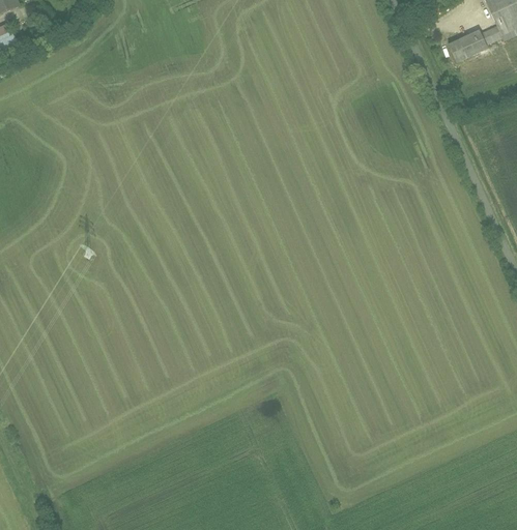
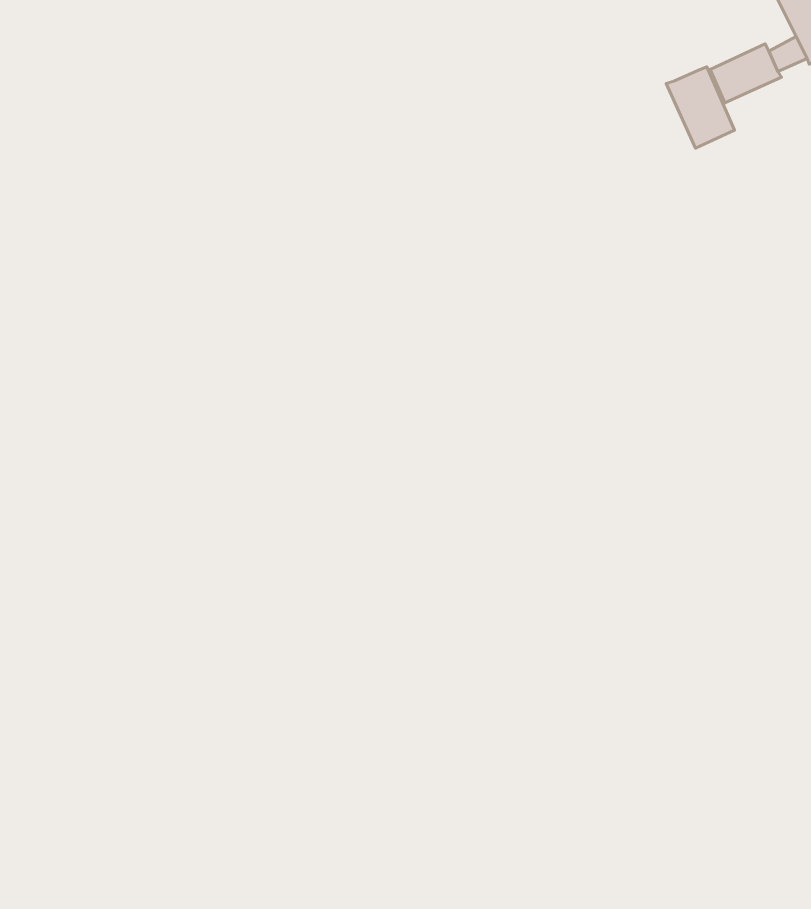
building: none -> [666,67,734,148]

